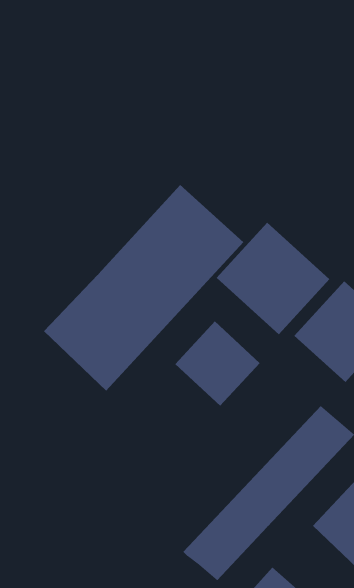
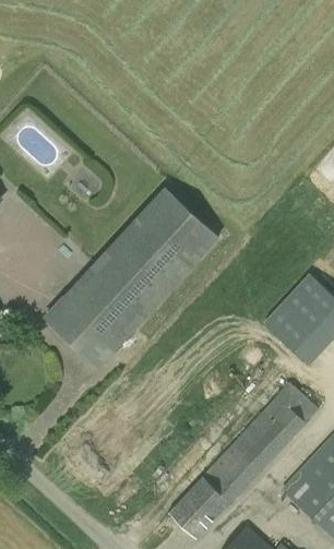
building: [216,222,330,335] -> none
building: [175,321,260,407] -> none

